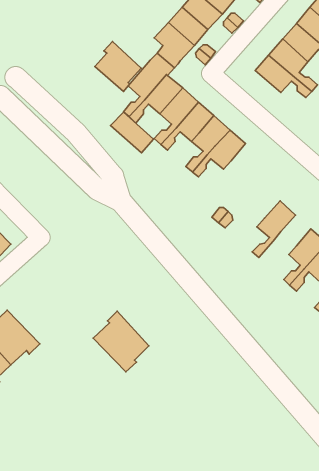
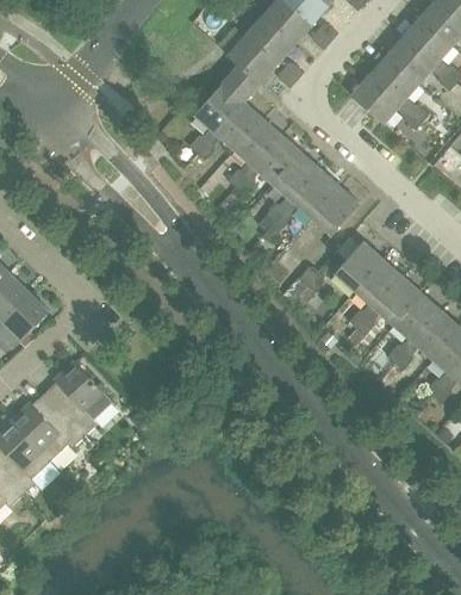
building: [95,42,141,92] -> none
building: [110,112,153,153] -> none
building: none -> [312,186,360,235]
building: none -> [335,241,382,290]
building: none -> [356,275,420,335]
building: [93,311,149,372] -> [44,360,113,435]

